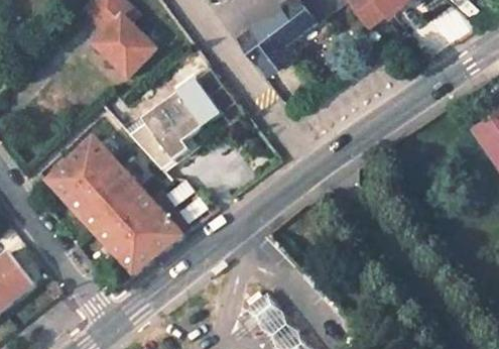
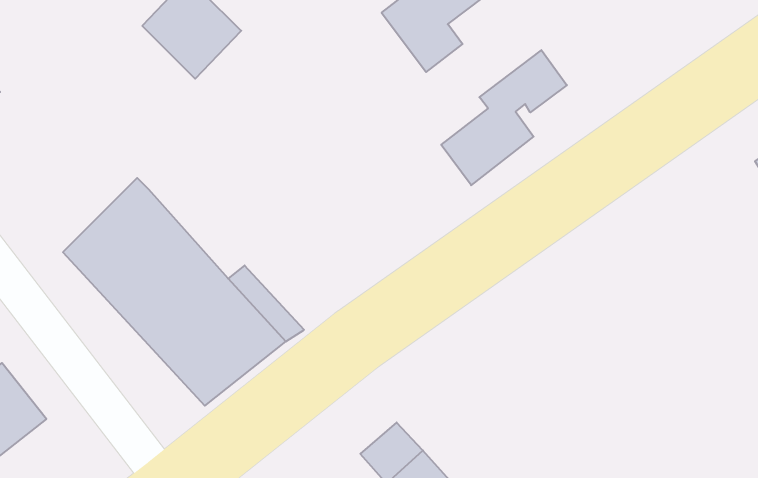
building: none -> [441,50,567,185]
building: [128,77,223,168] -> none

